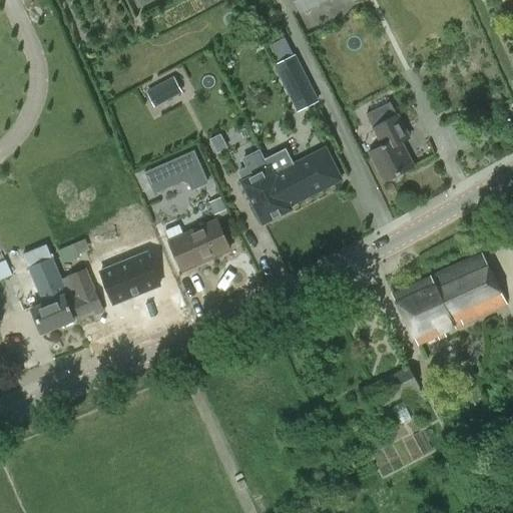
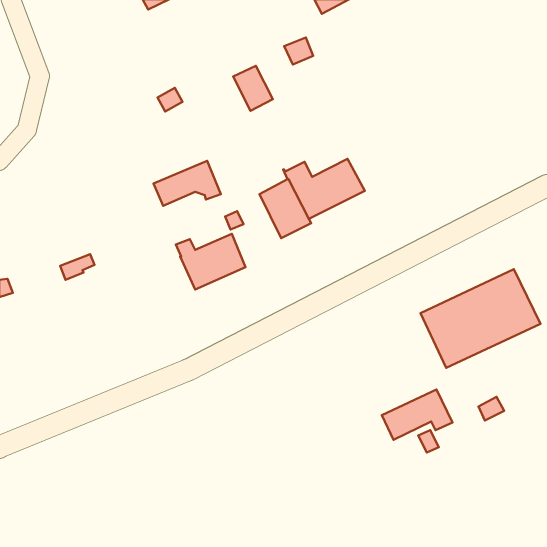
building: [275,55,312,97] -> [233,66,273,111]
building: [369,99,413,179] -> none
building: [20,242,102,332] -> none
building: [107,251,166,302] -> none

